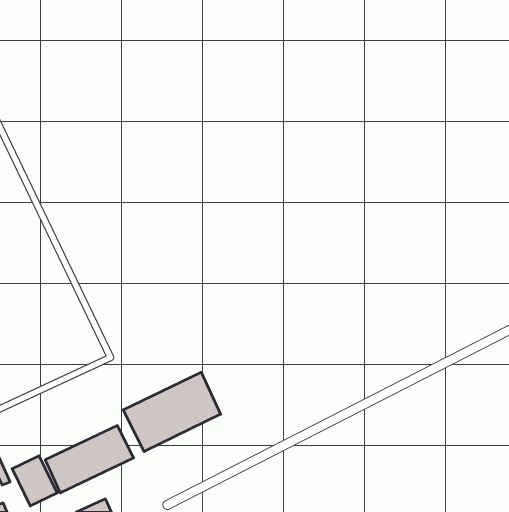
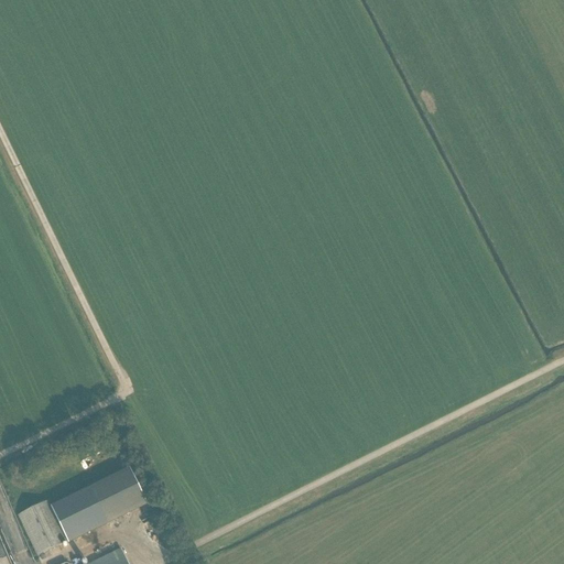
building: [123,372,221,452] -> none

